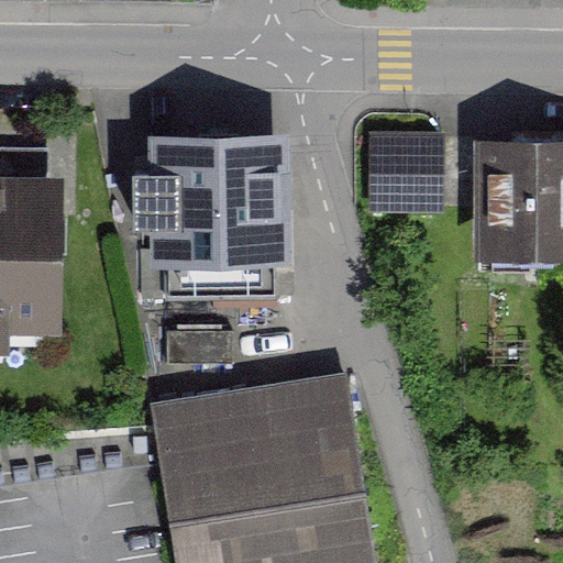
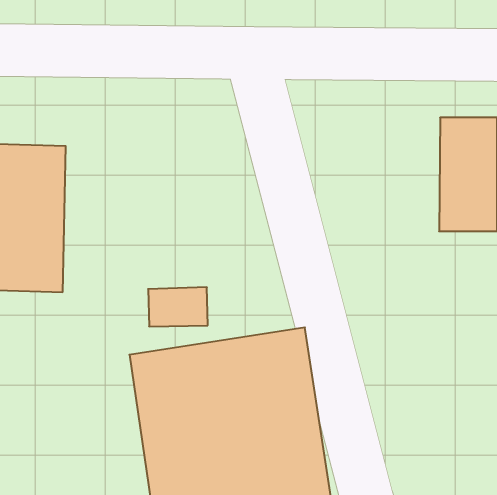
building: [371,133,445,207] -> none
building: [137,134,287,269] -> none

